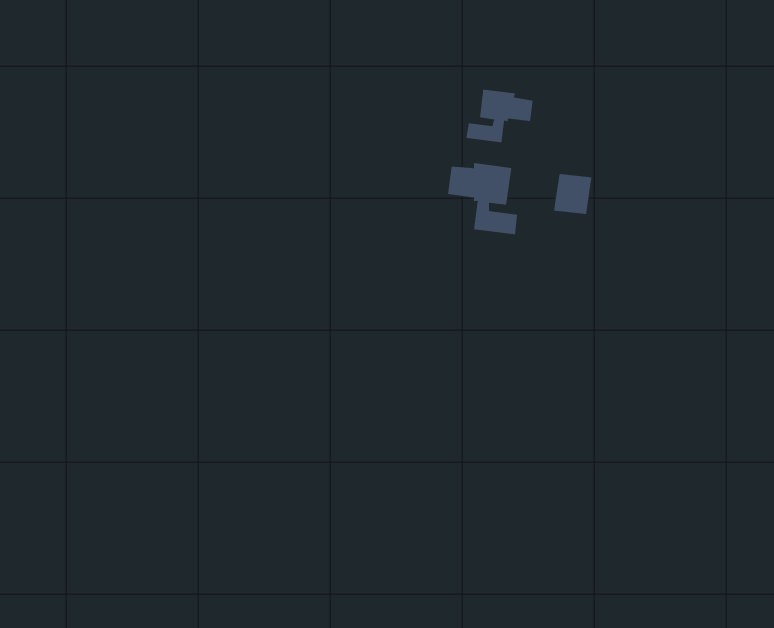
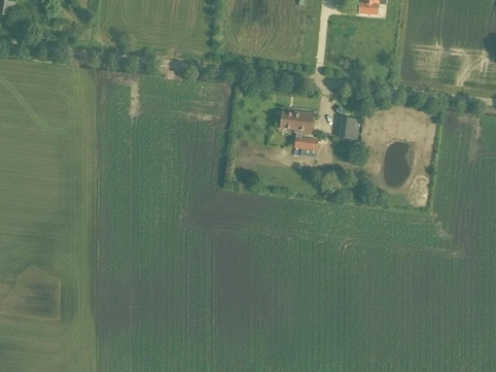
building: [466,89,533,143] -> none

